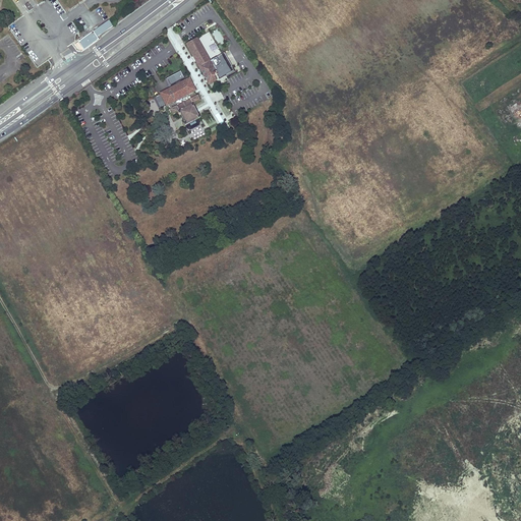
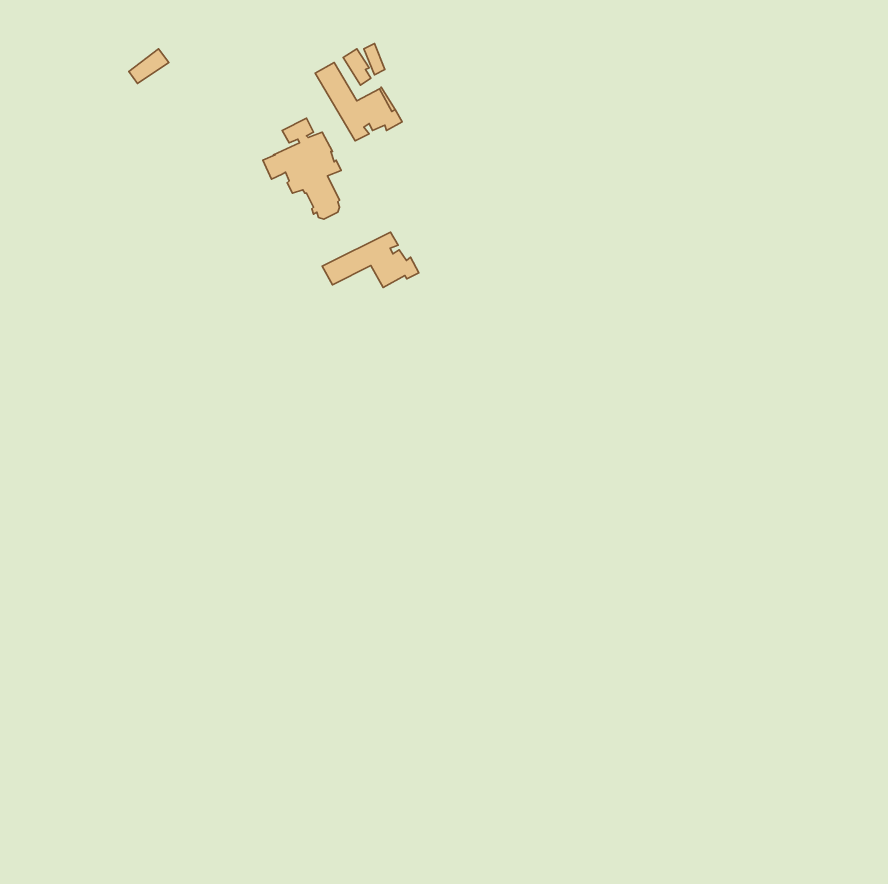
building: none -> [322,232,419,288]

